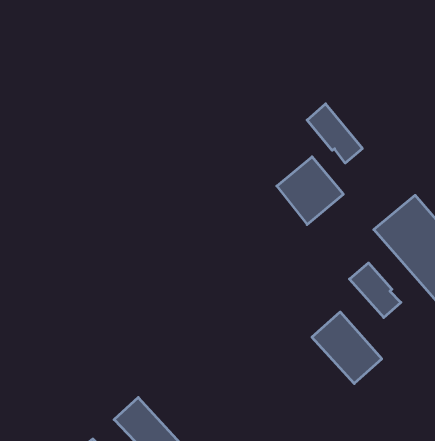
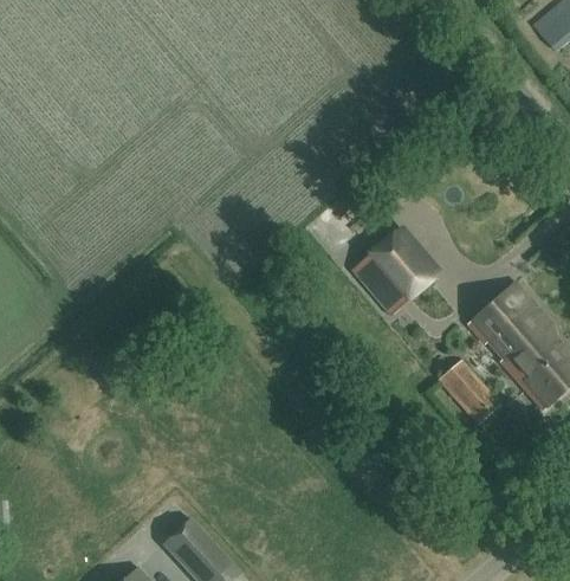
building: [307,104,362,163] -> none
building: [312,312,382,384] -> none

